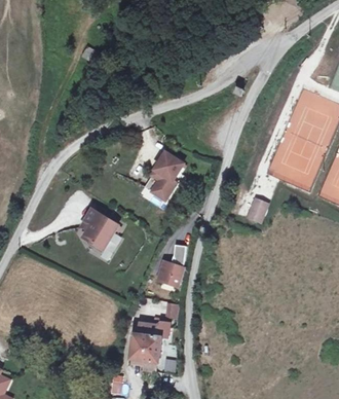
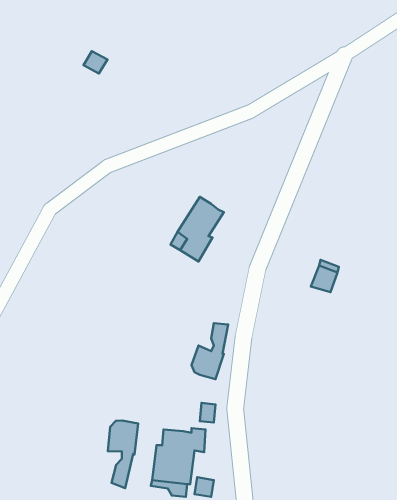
building: [80,208,118,249] -> none
building: none -> [108,420,138,488]

